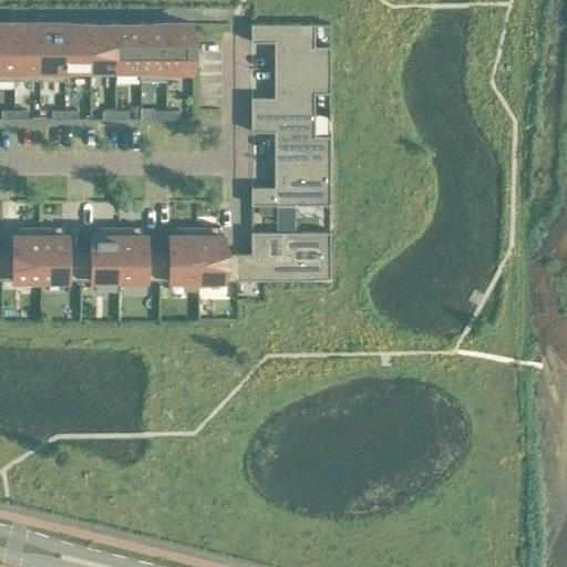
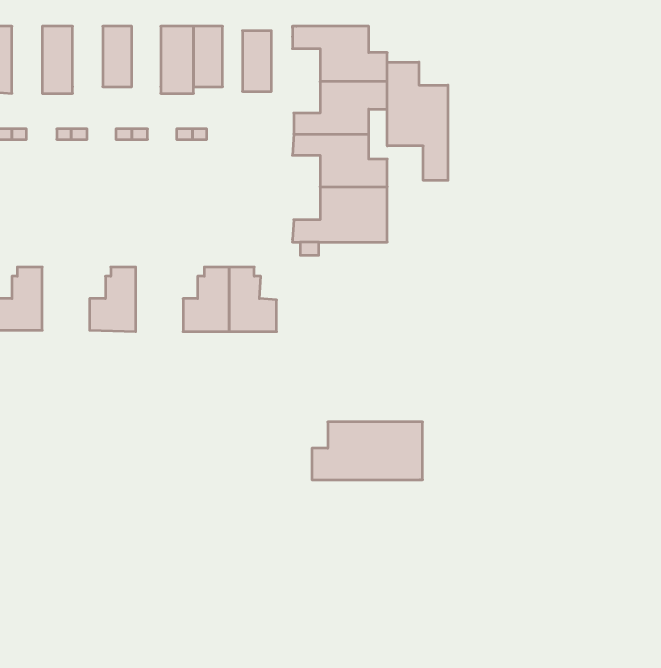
building: [14,25,40,82] -> none
building: [65,25,91,76] -> none
building: [115,25,140,76] -> [242,31,271,91]
building: none -> [387,62,448,180]
building: [40,228,80,281] -> none
building: [118,228,158,282] -> none
building: [237,234,330,282] -> [312,422,423,480]

